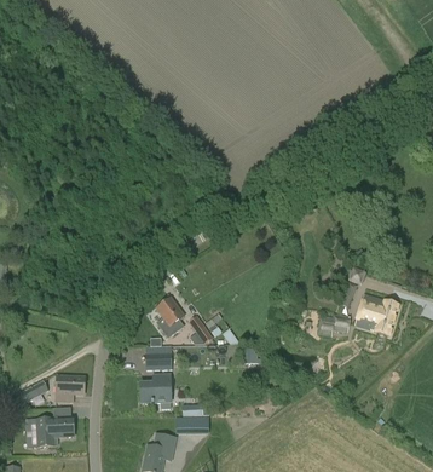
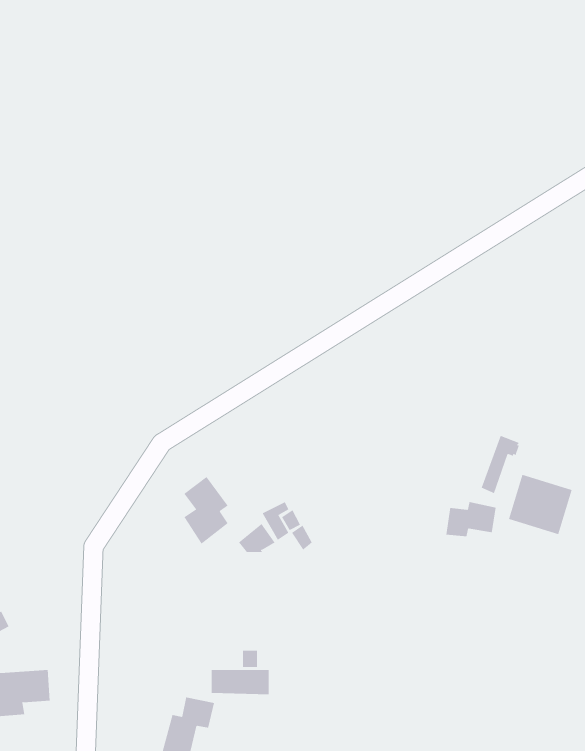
building: [145,345,172,369] -> none
building: [140,374,171,409] -> none
building: [56,375,85,402] -> none

